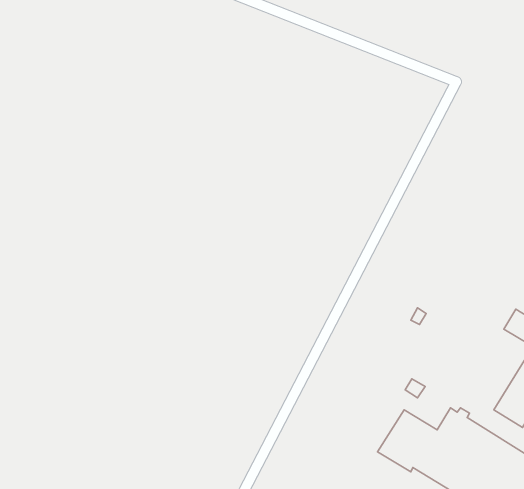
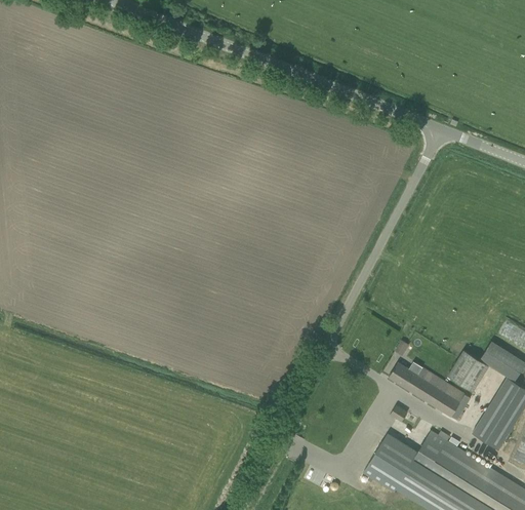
building: none -> [447,350,488,391]
building: none -> [388,362,470,420]

